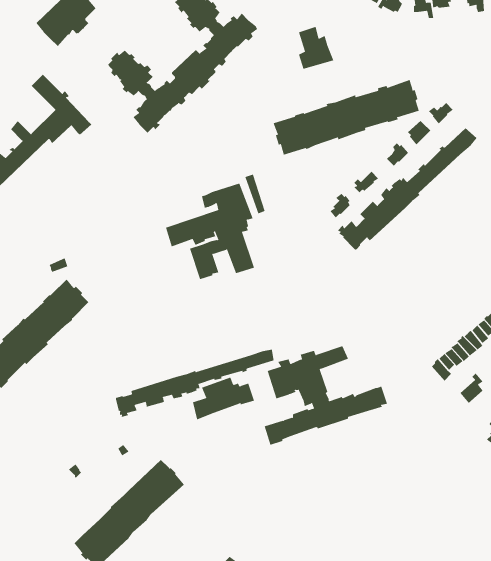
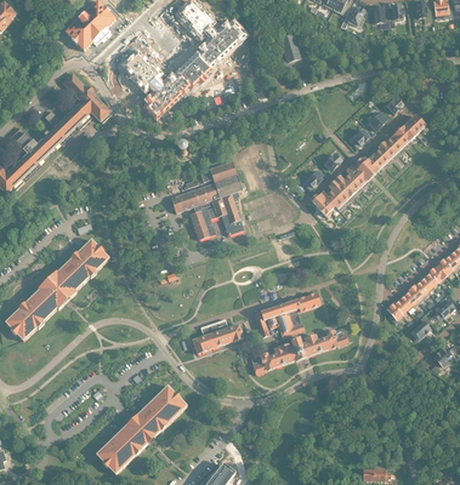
building: [273,79,419,155] -> none
building: [115,349,274,418] -> none

